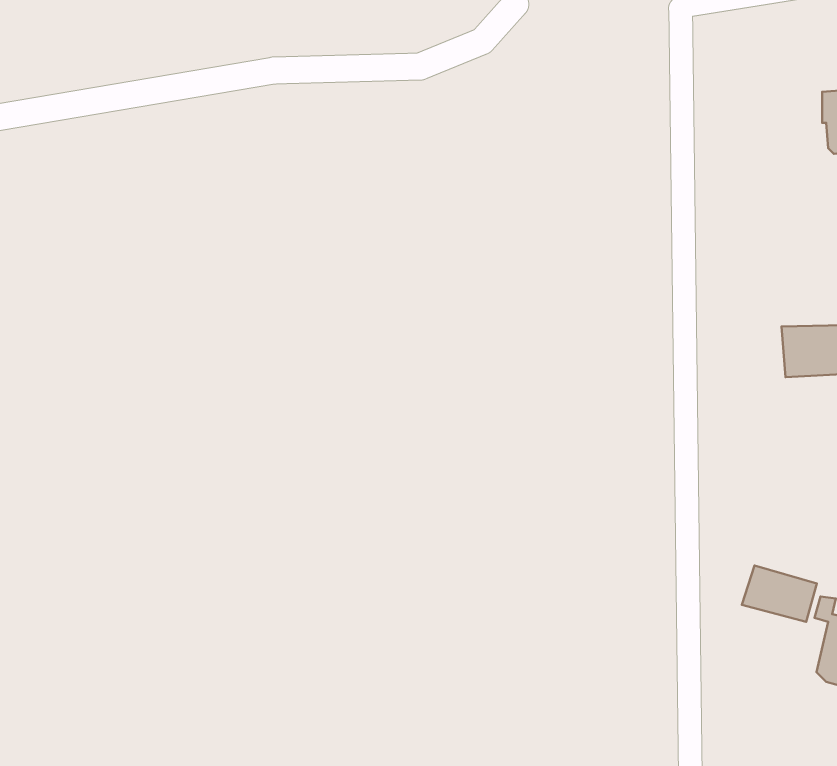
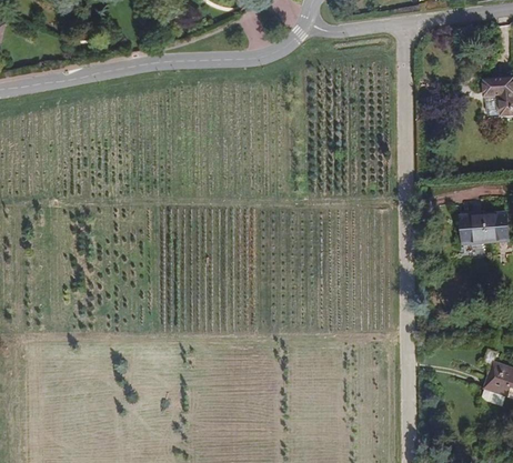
building: [742,565,817,622] -> none

